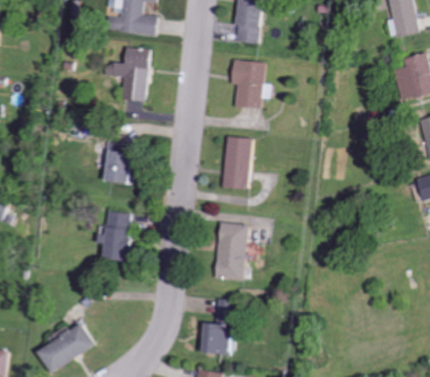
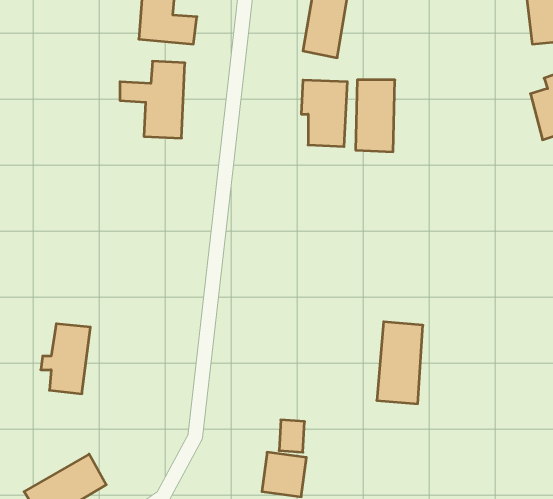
building: [224,137,252,188] -> [356,80,395,152]
building: [106,145,136,183] -> none
building: [96,211,131,260] -> [41,324,90,394]
building: [216,222,248,279] -> [377,322,423,404]

